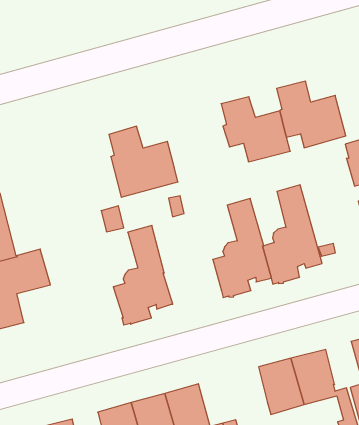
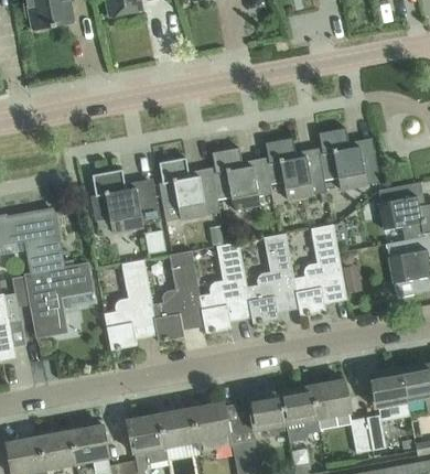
building: none -> [212,147,271,208]
building: none -> [90,169,160,233]
building: none -> [198,241,251,332]
building: none -> [104,259,158,349]
building: none -> [247,390,286,432]

